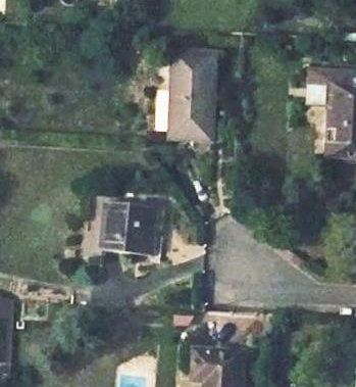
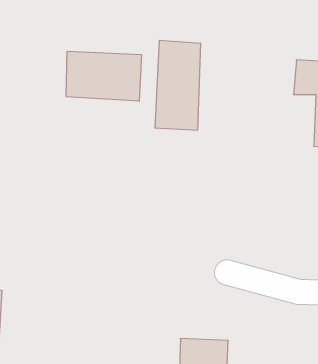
building: none -> [66,51,141,101]
building: [101,202,153,255] -> none

